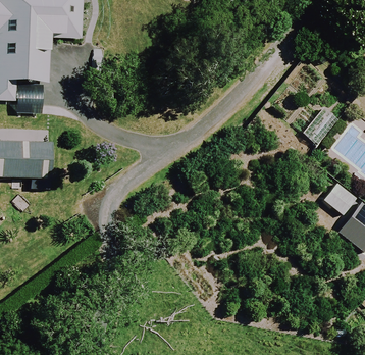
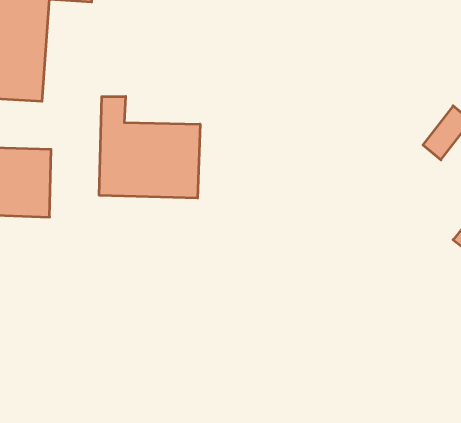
building: none -> [99,96,200,198]

